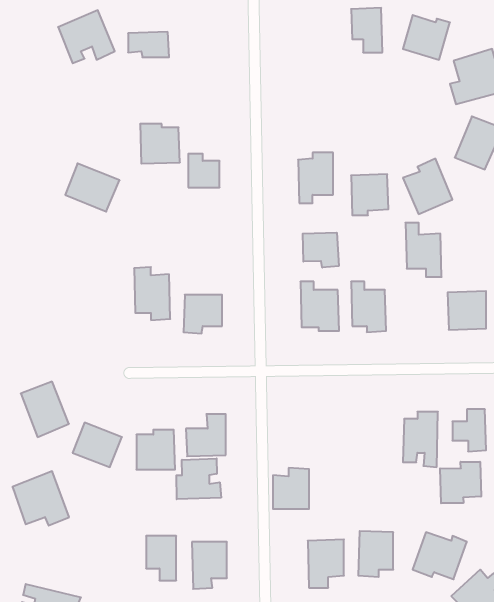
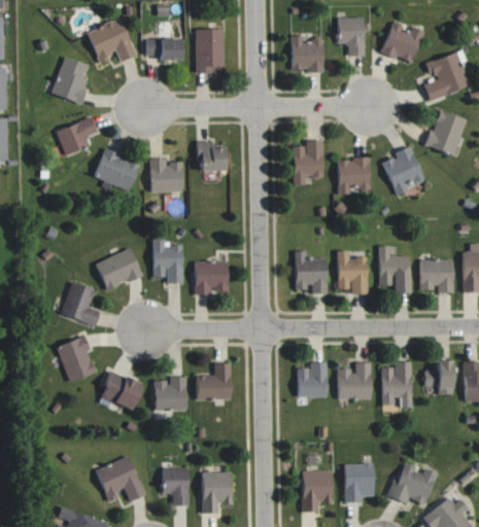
building: none -> [195,30,224,71]
building: none -> [289,35,321,70]
building: none -> [52,57,88,103]
building: [140,124,180,164] -> [148,159,182,192]
building: none -> [56,118,95,152]
building: [405,223,442,277] -> [378,246,409,292]
building: [303,233,339,268] -> none
building: none -> [95,248,141,290]
building: none -> [61,282,98,322]
building: none -> [337,362,371,399]
building: [176,458,221,499] -> none
building: [440,462,481,503] -> none
building: [273,468,309,509] -> [296,361,327,396]
building: [12,471,69,526] -> [95,456,143,502]

